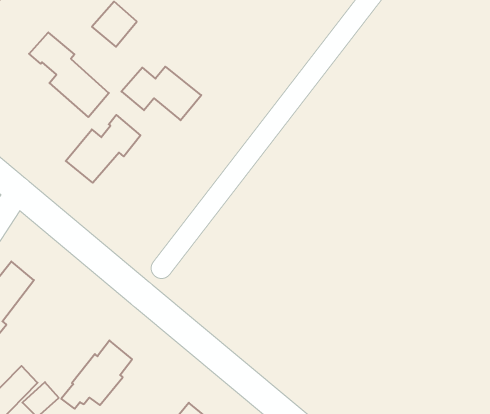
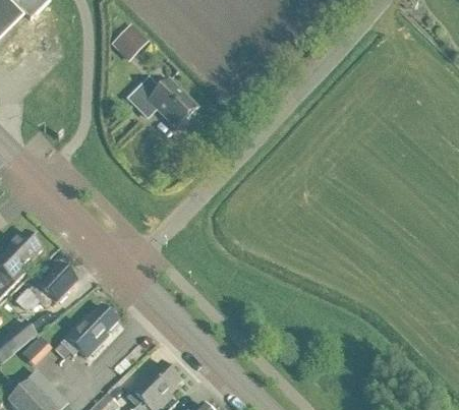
building: [29,32,109,117] -> none
building: [66,115,140,183] -> none
building: none -> [14,262,76,307]

